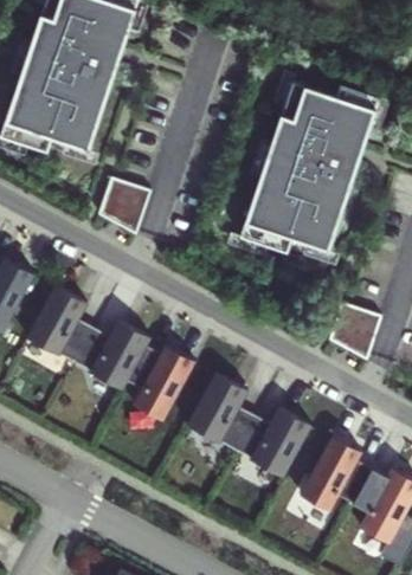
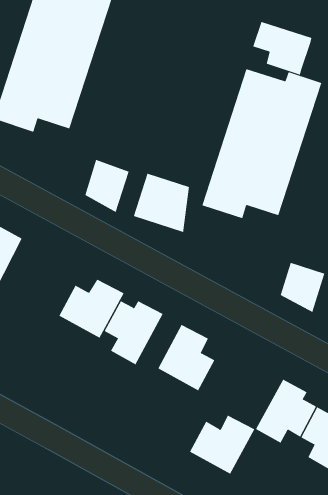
building: none -> [252,21,312,76]
building: none -> [133,173,189,233]
building: [26,286,94,363] -> none
building: [236,407,311,476] -> [189,415,255,475]

